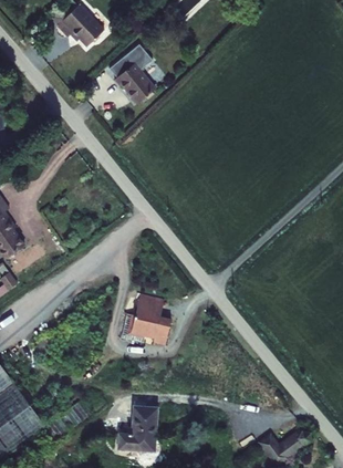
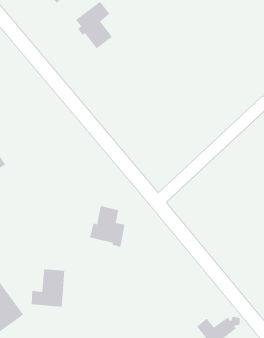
building: [116,405,158,453] -> [31,268,65,307]

